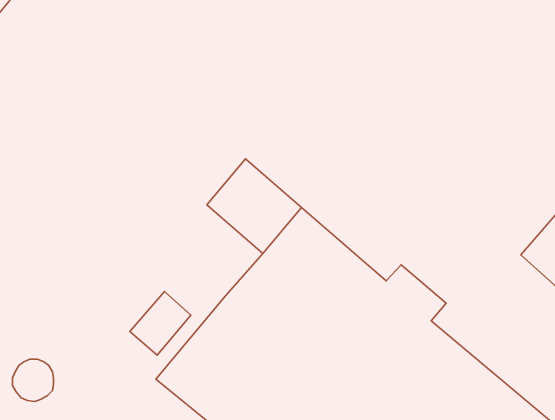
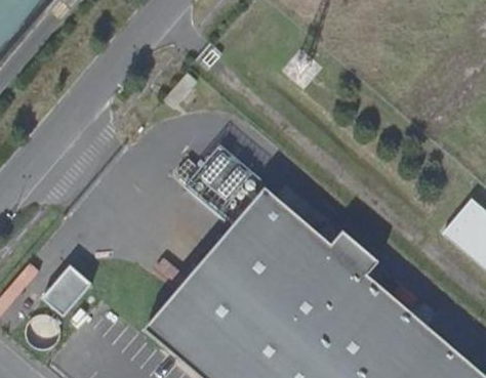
building: [130,292,191,355] -> [43,265,93,318]

